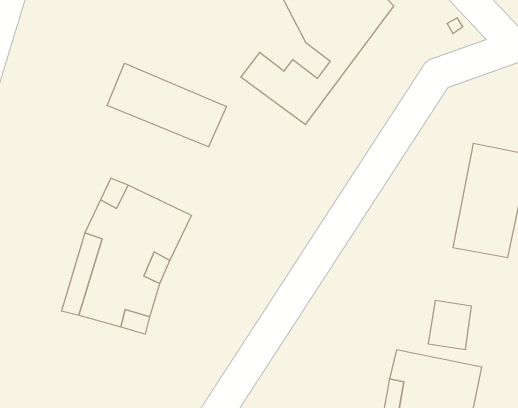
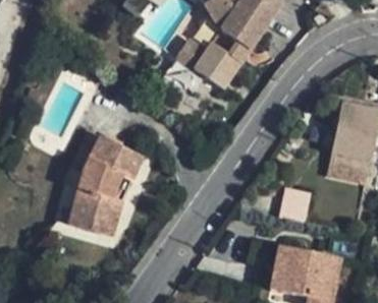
building: [107,63,226,147] -> none
building: [428,300,471,349] -> [279,186,310,221]

